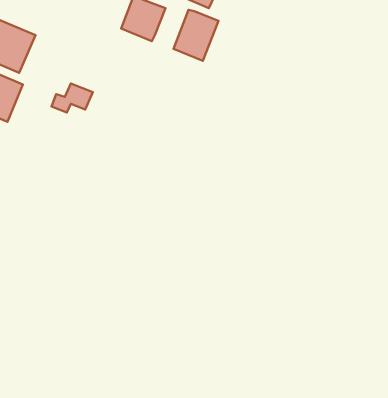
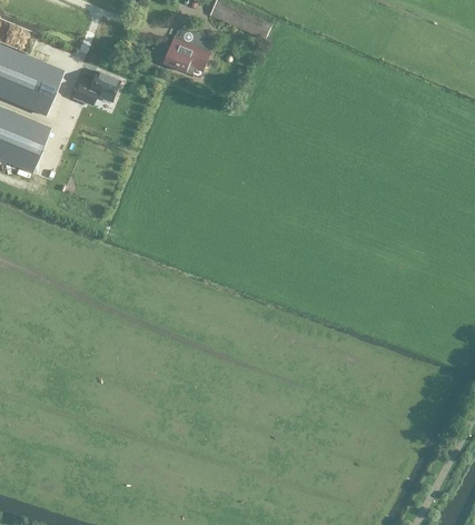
building: [174,10,219,61] -> none
building: [52,83,93,112] -> [71,70,119,103]

